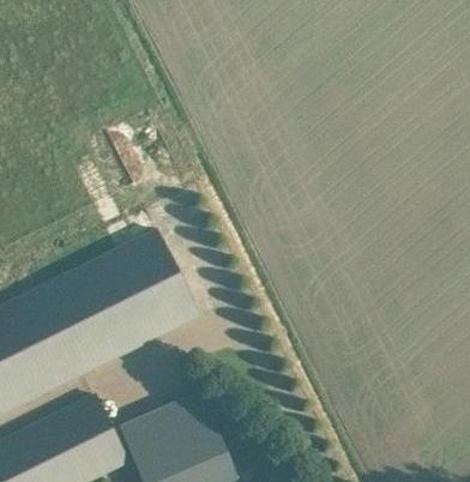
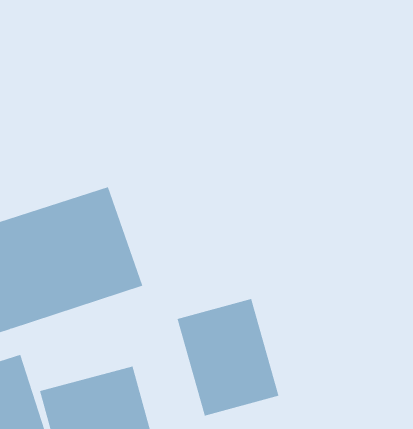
building: none -> [177,298,279,417]

